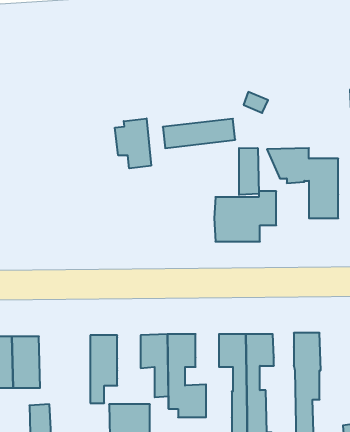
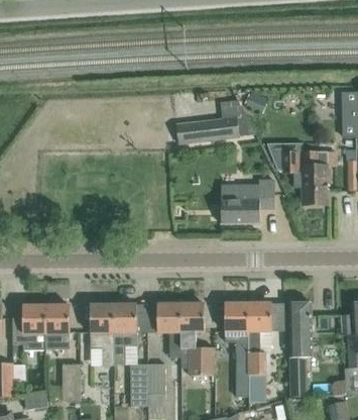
building: [115,118,151,168] -> none
building: [239,148,259,195] -> none
building: none -> [91,304,114,365]

